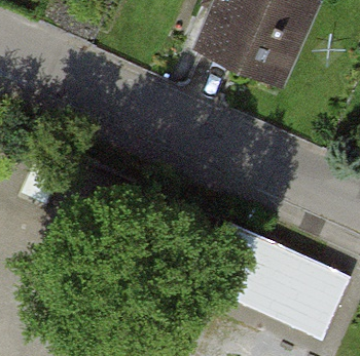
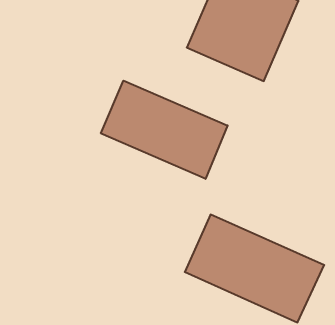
building: none -> [101,81,228,179]

